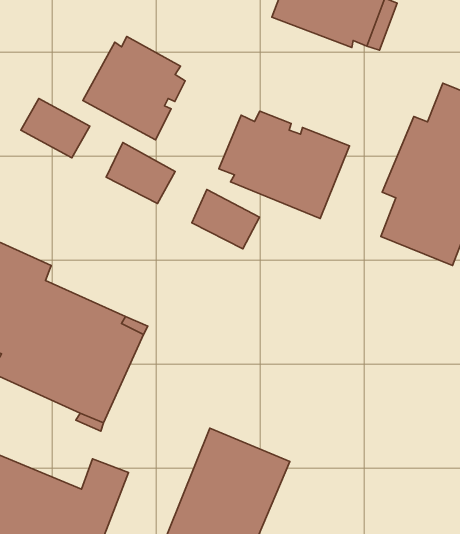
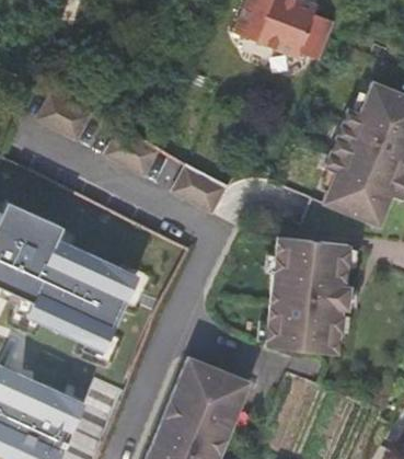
building: [83,36,185,140] -> none
building: [219,111,350,218] -> none
building: none -> [266,237,351,355]

